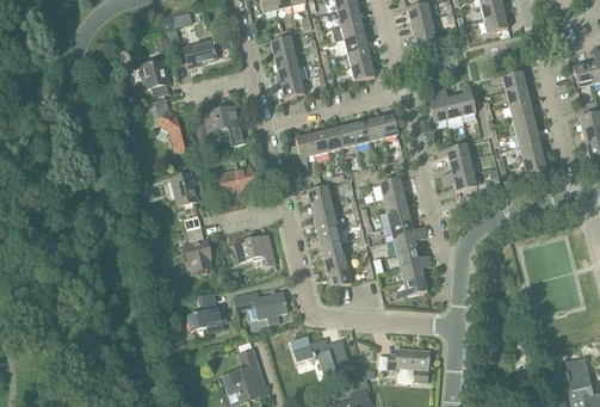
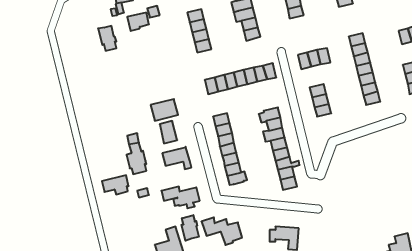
building: [155,97,185,152] -> none
building: [197,104,246,144] -> none
building: [173,172,198,204] -> [160,121,177,143]
building: [188,306,227,333] -> [102,175,129,194]
building: none -> [182,215,199,241]

